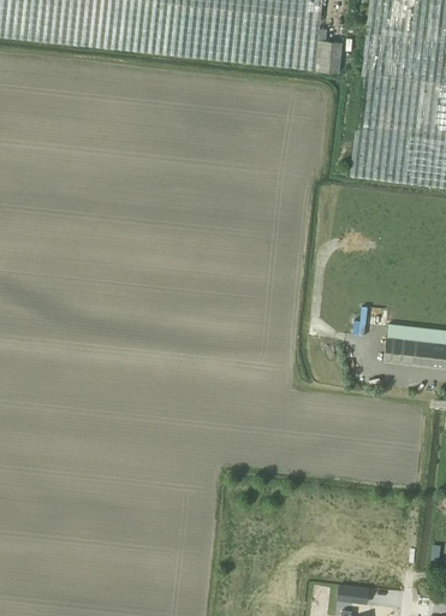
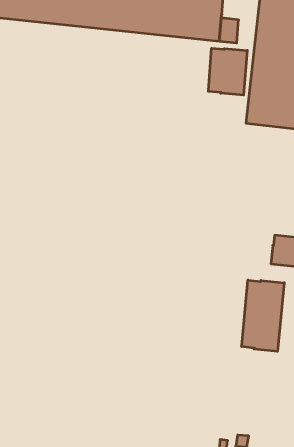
building: none -> [208,48,247,95]
building: none -> [242,280,284,351]

